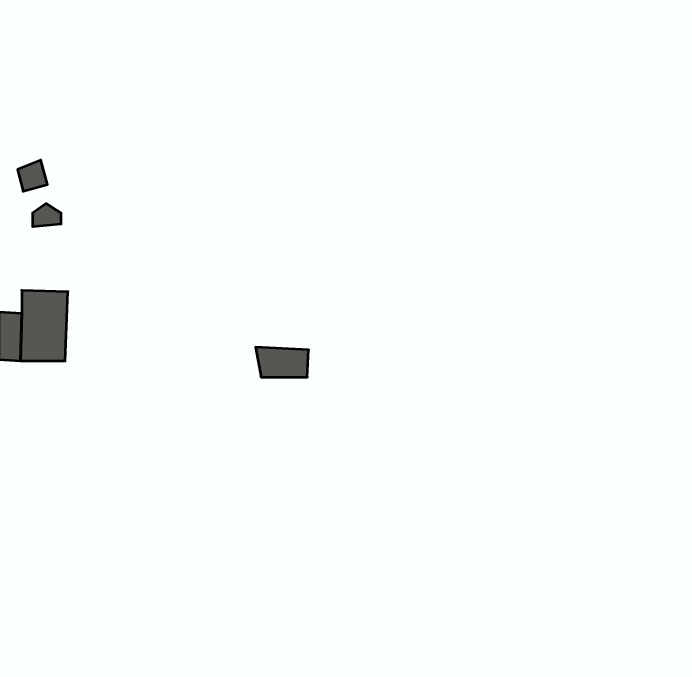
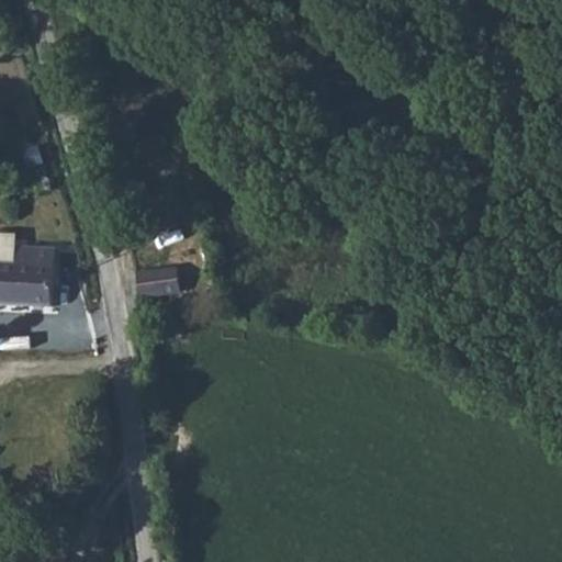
building: [256,347,309,377] -> [134,267,177,291]

